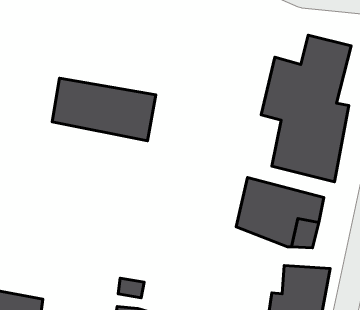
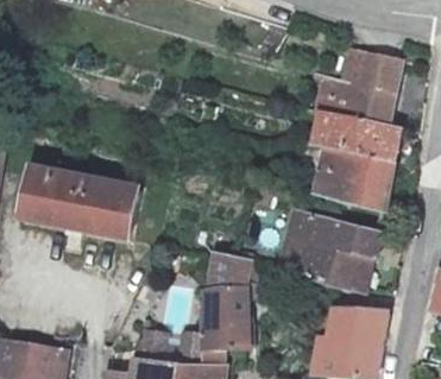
building: [52,78,156,141] -> [27,165,145,236]
building: none -> [199,252,247,352]

